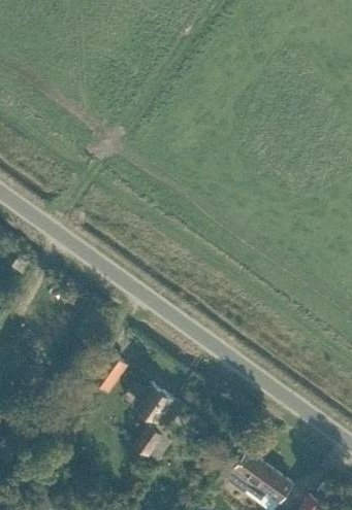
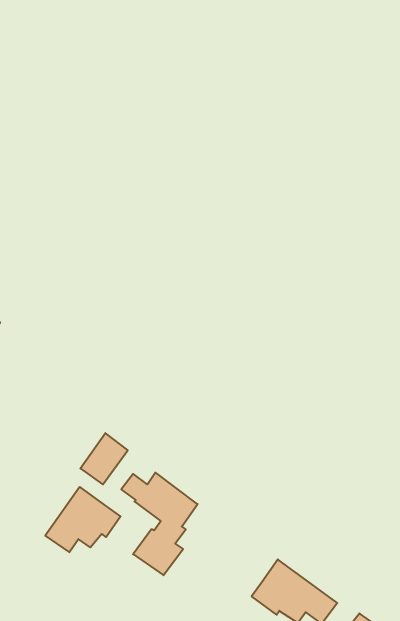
building: none -> [45,487,121,552]

